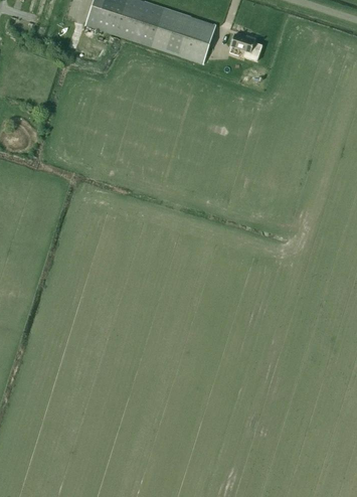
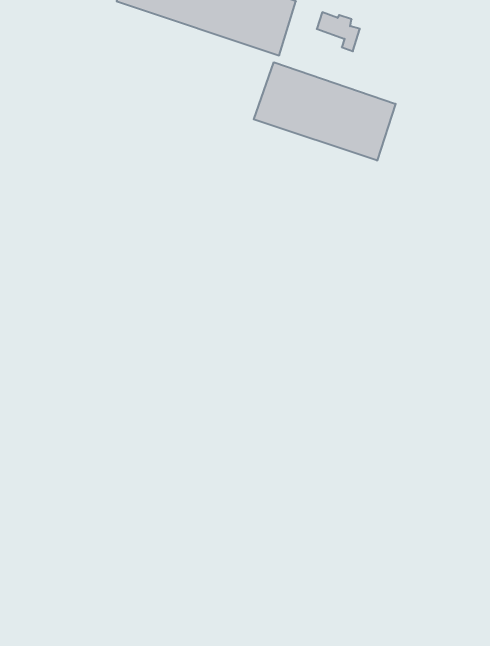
building: none -> [254,62,396,161]

